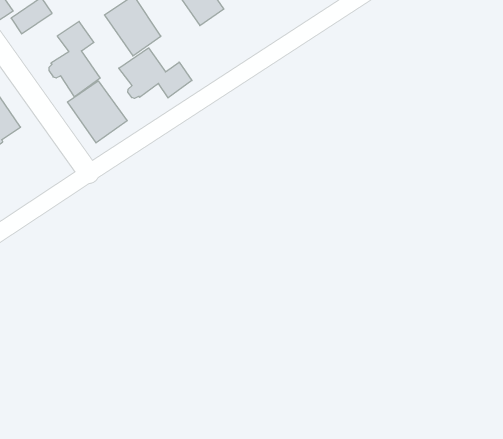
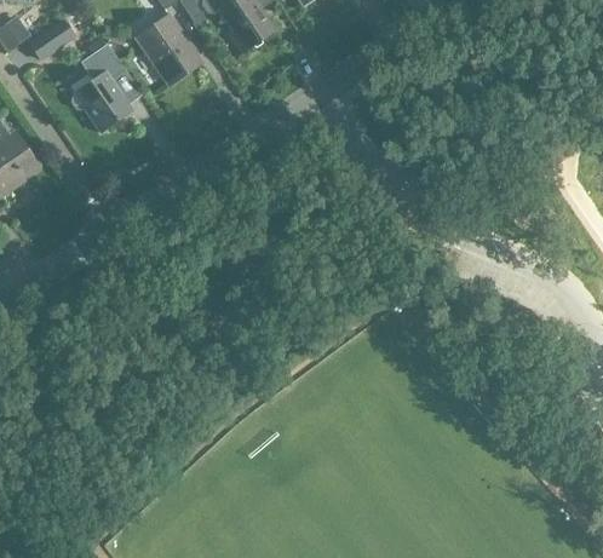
building: [119,48,192,98] -> none
building: [67,81,127,143] -> none

